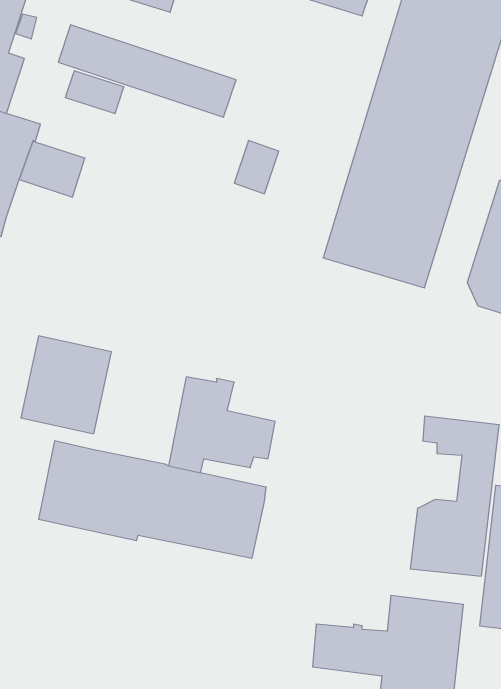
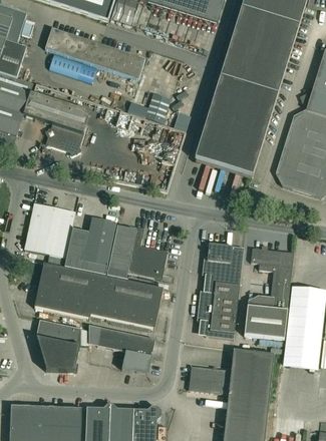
building: none -> [47,102,90,154]
building: none -> [65,217,116,275]
building: none -> [197,242,244,338]
building: none -> [36,320,88,372]
building: none -> [97,327,155,371]

